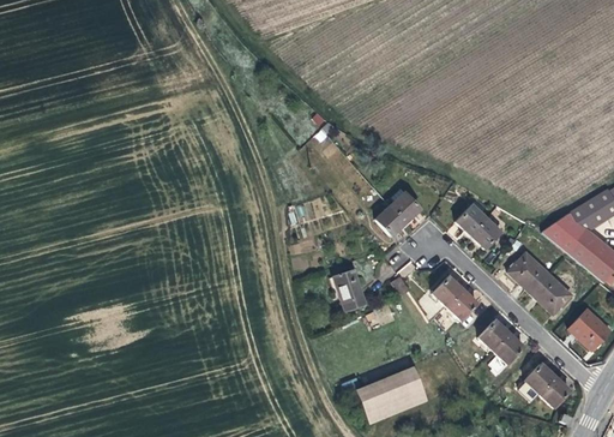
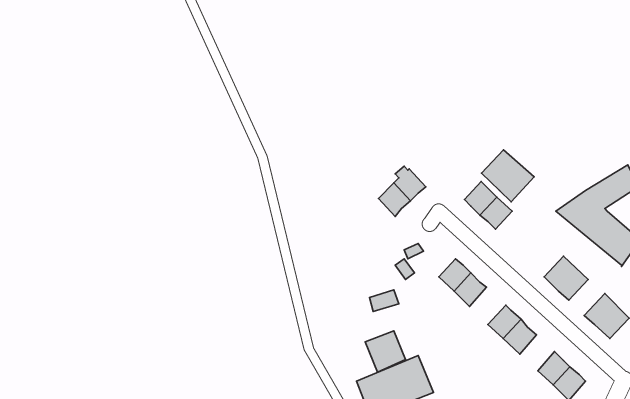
building: none -> [482,150,534,202]
building: [508,252,549,293] -> none
building: [333,270,366,311] -> none
building: none -> [365,331,406,372]

